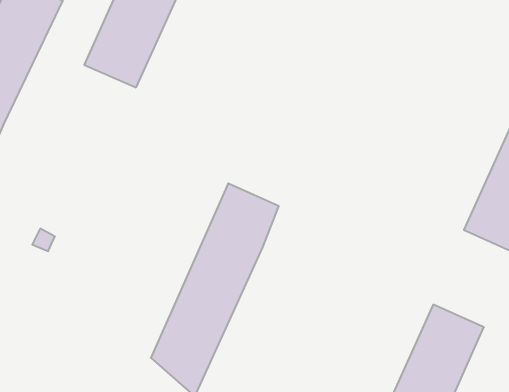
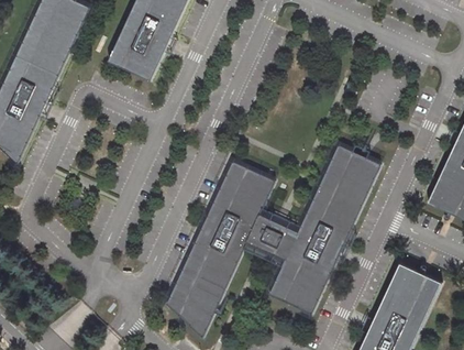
building: none -> [242,144,378,314]

